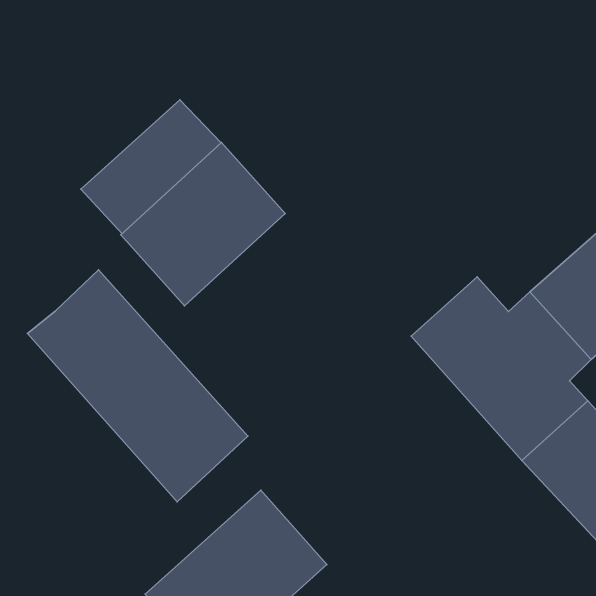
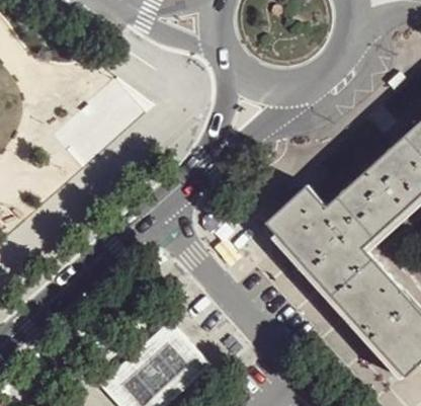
building: [121,142,285,306] -> none
building: [28,270,248,502] -> none

